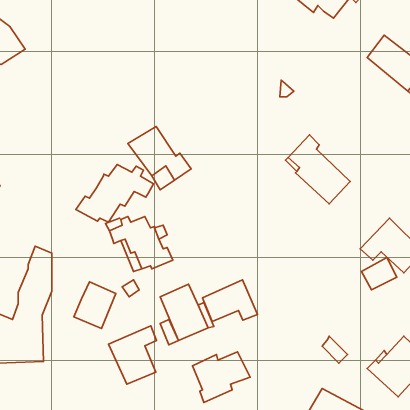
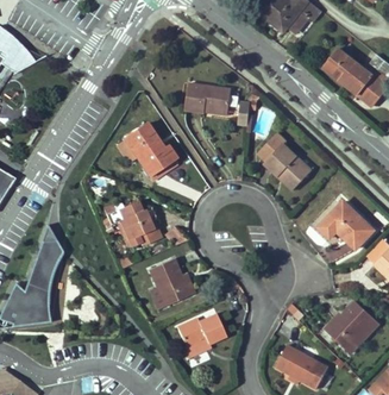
building: none -> [186,83,231,113]
building: [76,164,153,222] -> none
building: [202,280,258,322] -> none
building: [74,282,116,328] -> none
building: [108,326,157,384] -> none

